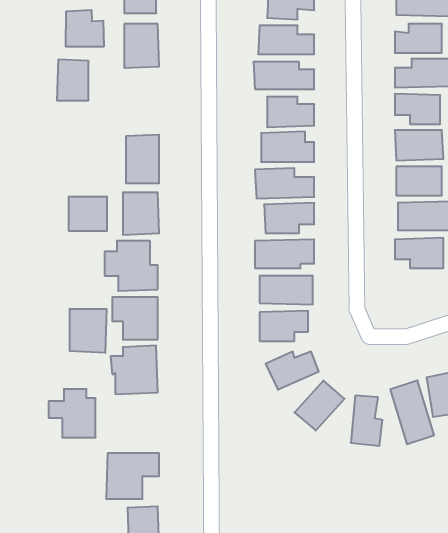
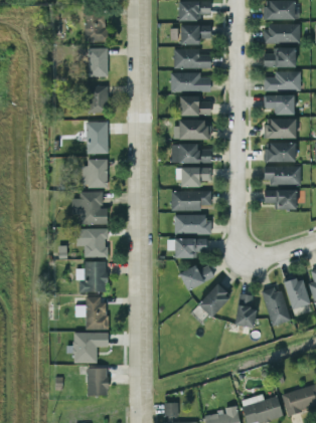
building: [66,10,104,47] -> none
building: [57,59,89,100] -> [86,85,107,113]
building: [69,196,107,231] -> none
building: [70,309,106,353] -> none
building: [49,389,96,438] -> [75,297,107,330]

